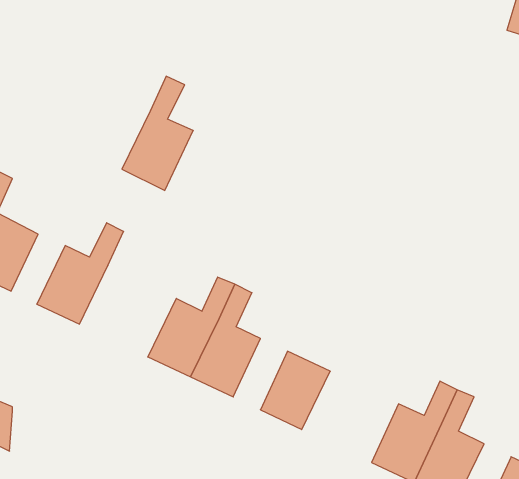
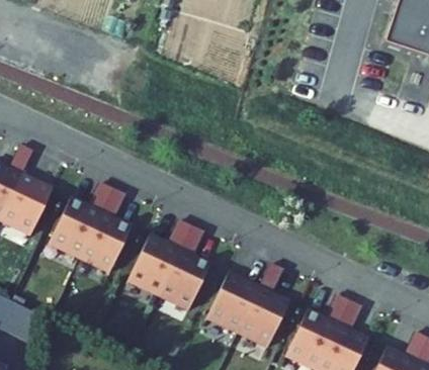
building: [122,76,193,190] -> [79,190,130,271]
building: none -> [237,265,287,345]

